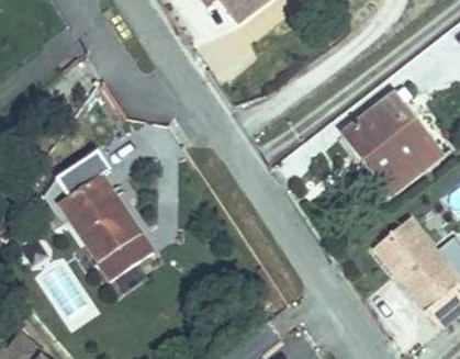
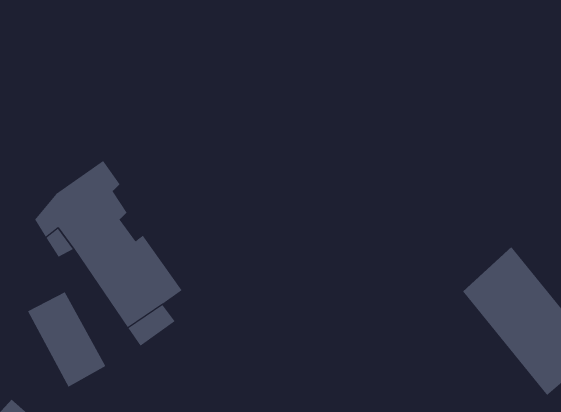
building: [345,91,439,189] -> none

